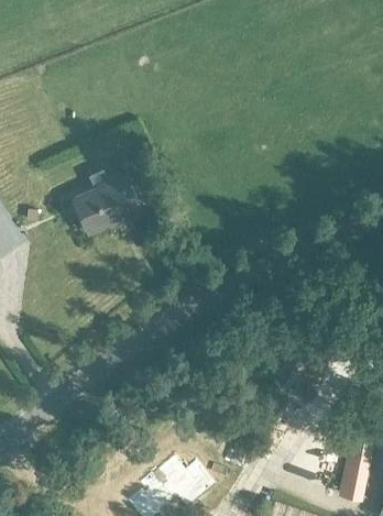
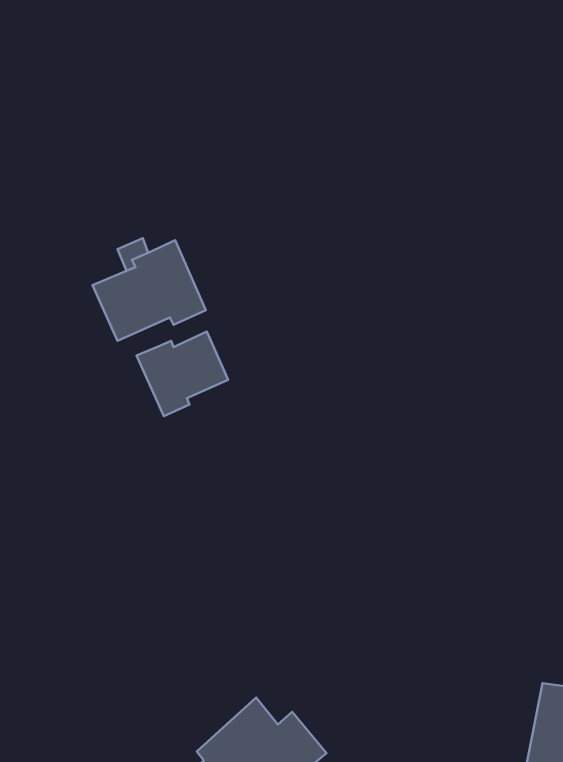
building: none -> [137,331,228,416]

